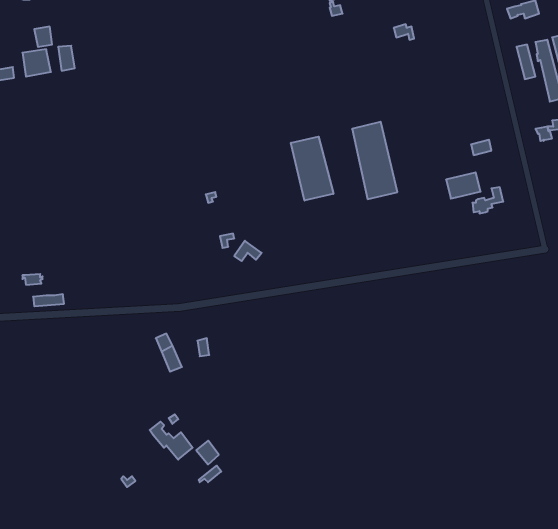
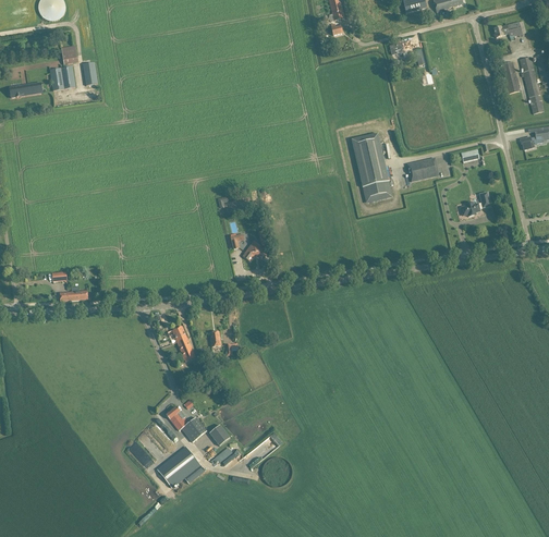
building: [291,137,333,201] -> none
building: [446,172,481,199] -> [407,157,439,181]
building: none -> [157,447,204,492]

